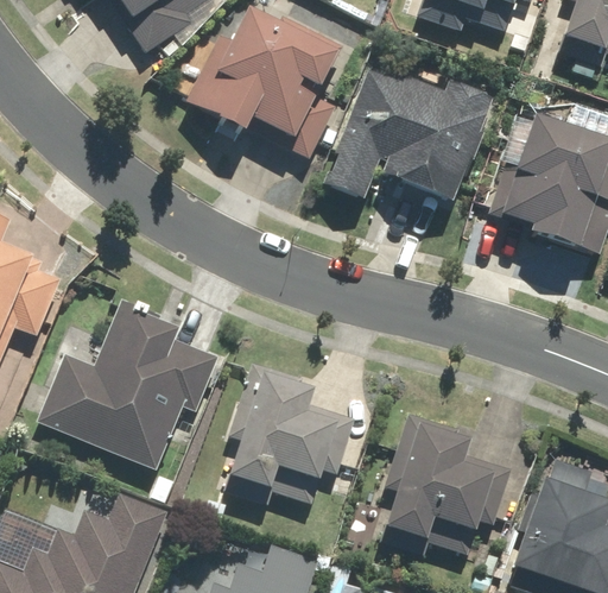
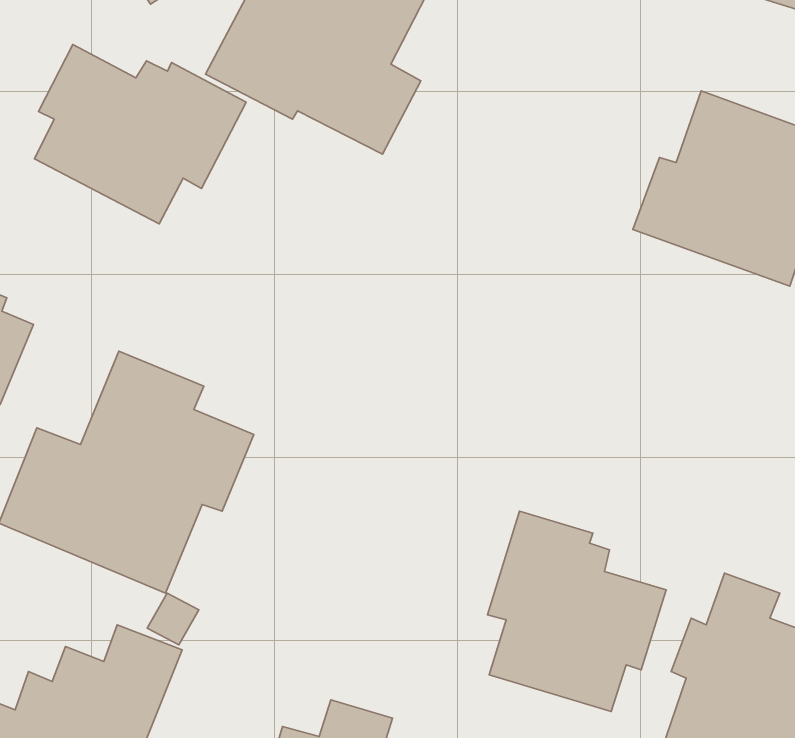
building: [325,62,492,202] -> none
building: none -> [35,44,246,224]
building: [227,361,355,504] -> none

